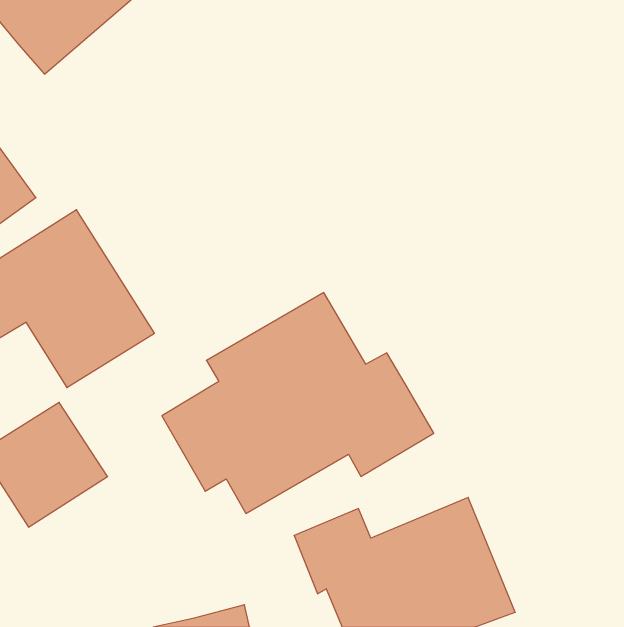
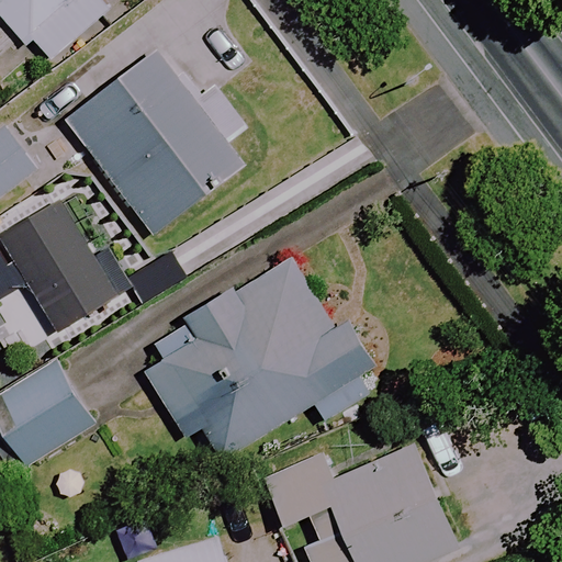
building: none -> [64,52,244,239]

